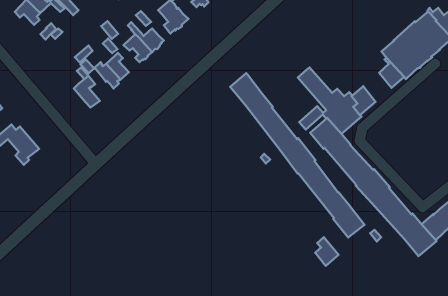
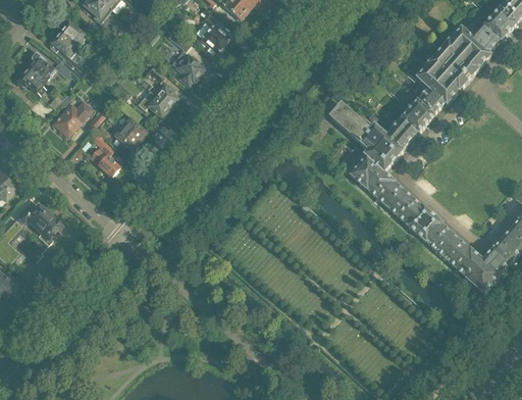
building: none -> [54,102,92,136]
building: none -> [402,101,433,134]
building: [230,73,364,237] -> none
building: [315,237,339,266] -> none

